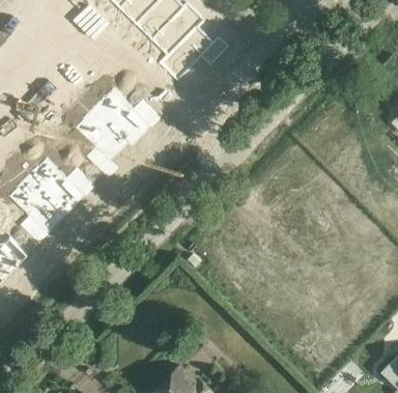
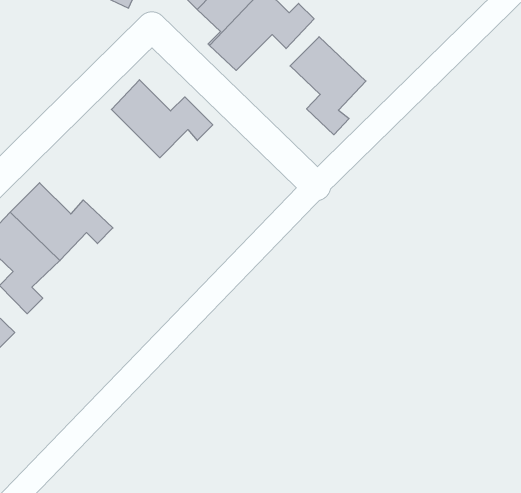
building: none -> [290,37,366,135]
building: [74,107,125,174] -> none

